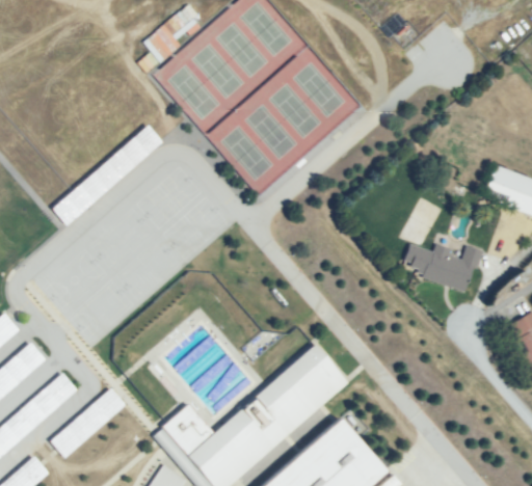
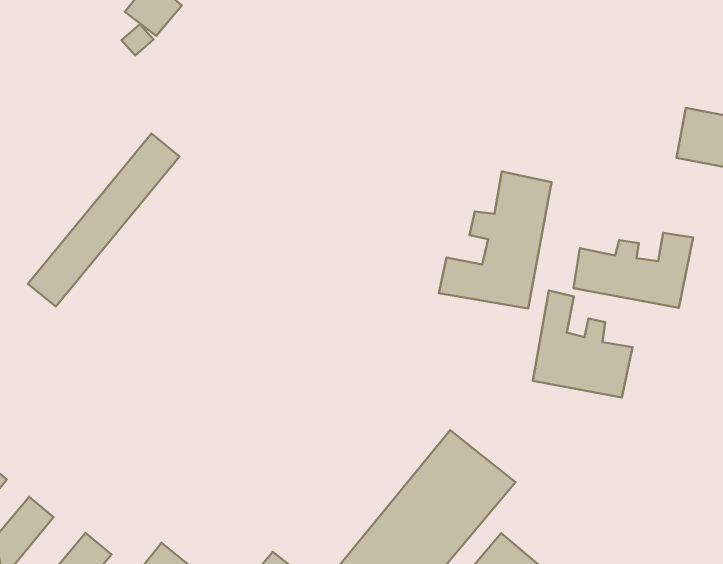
building: none -> [439,172,552,308]
building: none -> [533,291,632,398]

